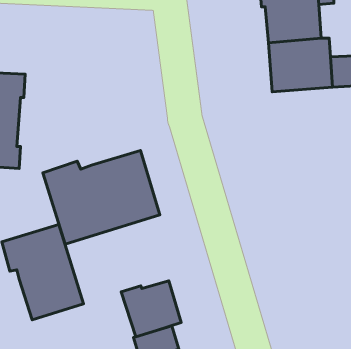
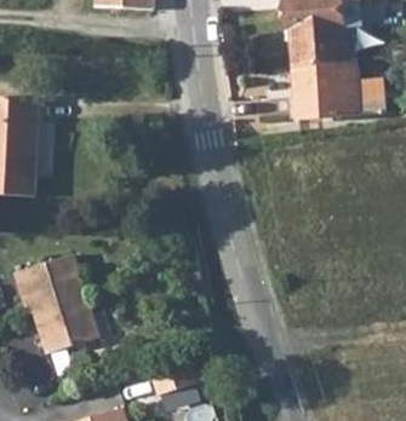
building: [43,150,160,244] -> none
building: [121,281,181,337] -> none

